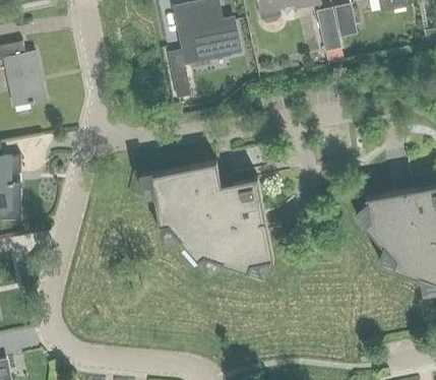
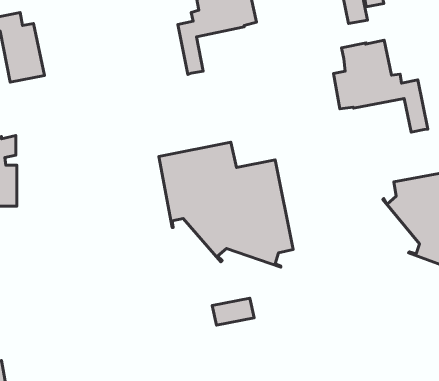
building: none -> [334,40,428,132]
building: none -> [212,298,254,325]

